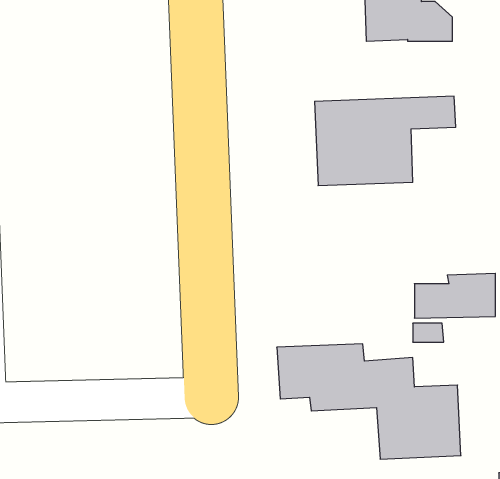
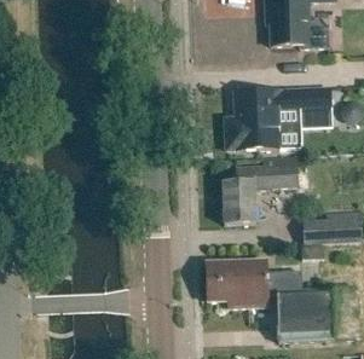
building: none -> [223,167,297,225]

